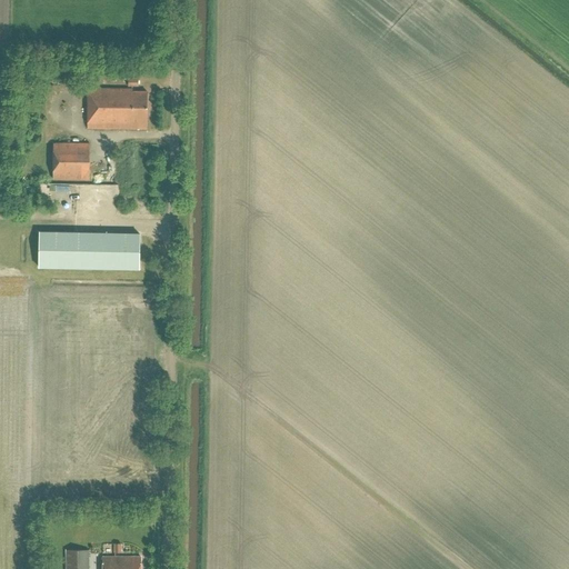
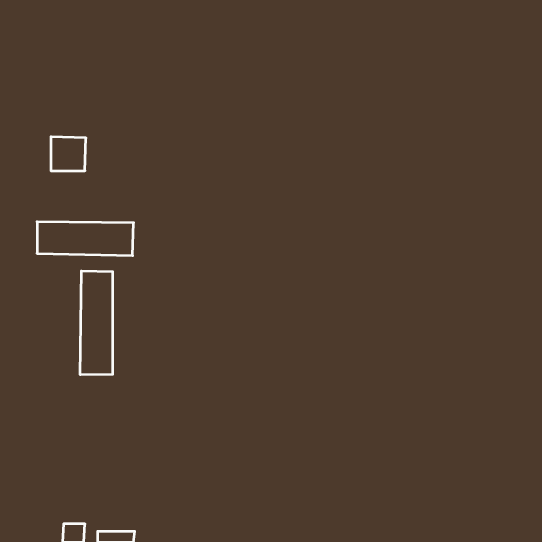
building: [88,88,148,128] -> none
building: none -> [80,271,113,375]

